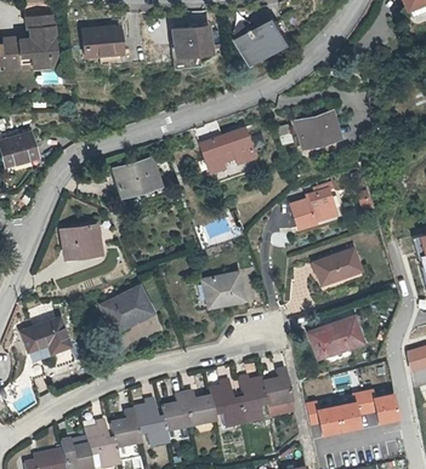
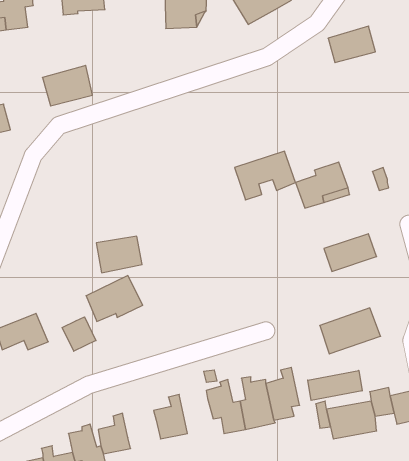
building: [297,110,340,143] -> [328,26,375,63]
building: [198,127,252,171] -> [235,151,295,200]
building: [112,159,157,195] -> [42,65,92,106]
building: [58,225,100,258] -> [96,236,142,273]
building: [201,273,244,308] -> none
building: none -> [62,317,96,351]
building: none -> [308,370,362,400]
building: [184,391,216,429] -> none
building: [134,400,169,446] -> none

